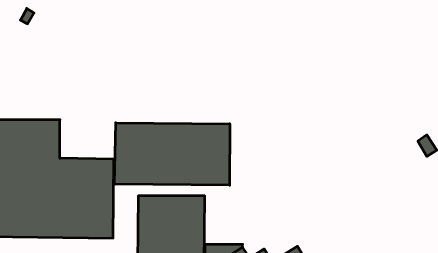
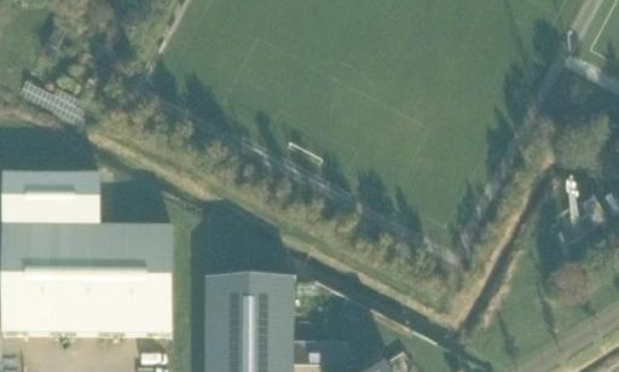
building: [115,123,230,185] -> none

